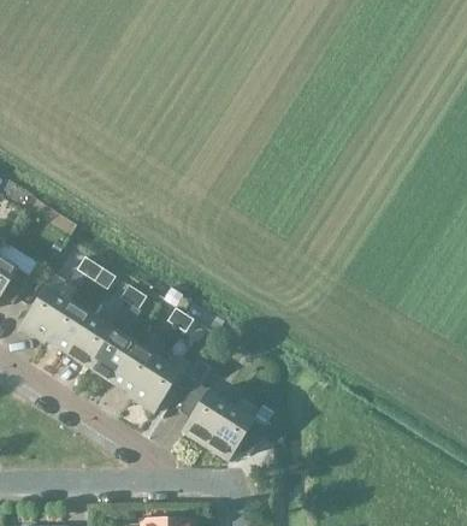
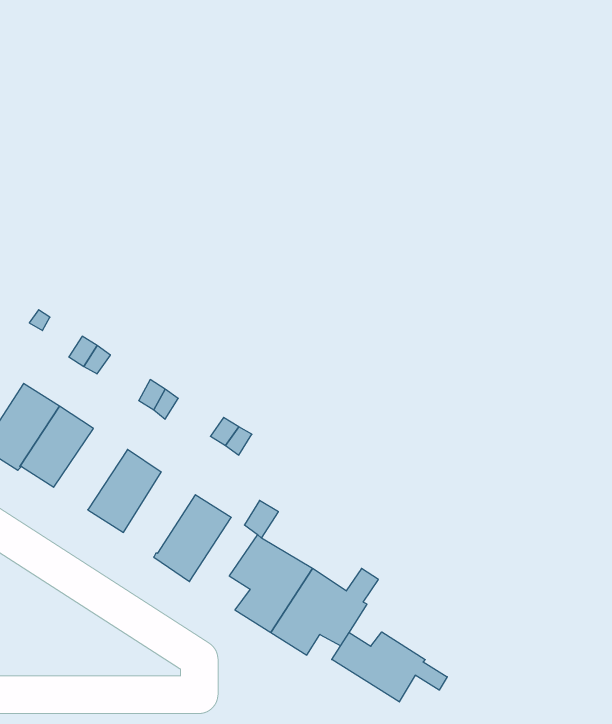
building: [66,314,113,366] -> none
building: [111,342,156,394] -> none
building: none -> [332,632,447,702]

